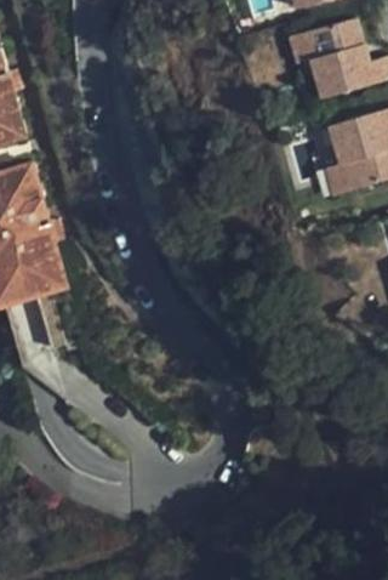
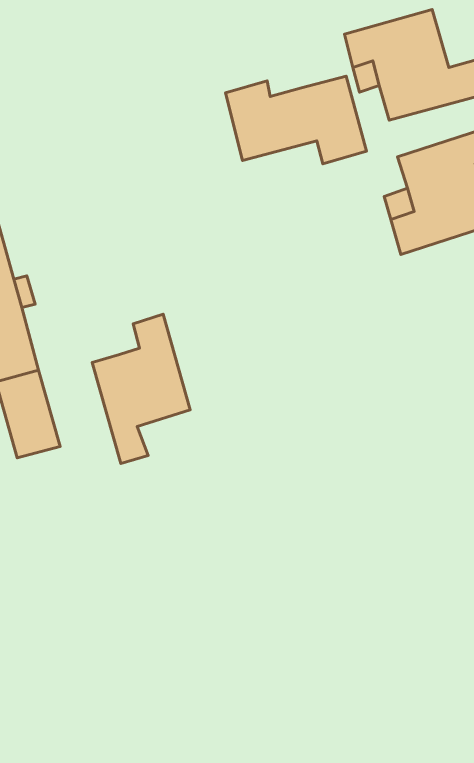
building: none -> [225,76,366,164]
building: none -> [92,314,190,464]

